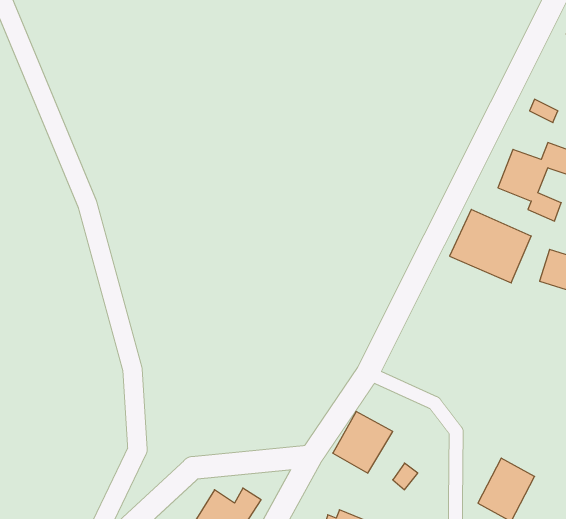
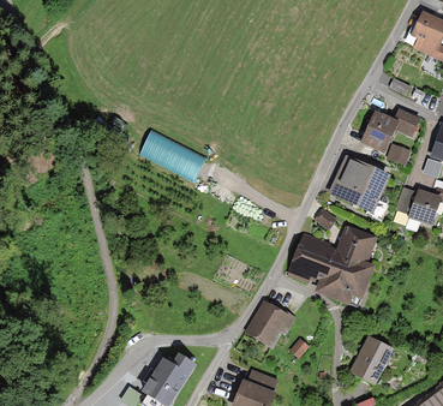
building: none -> [291,227,376,304]

